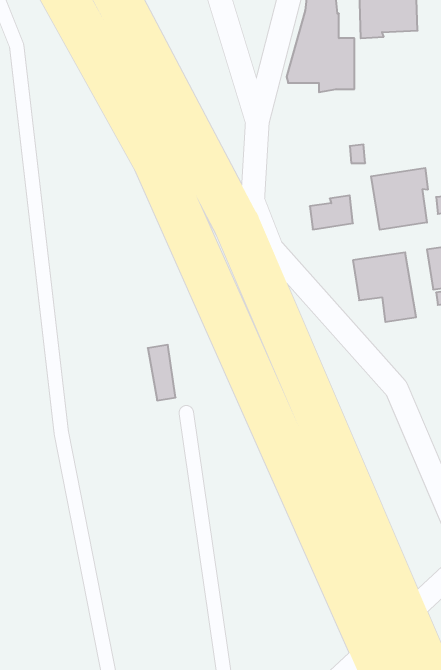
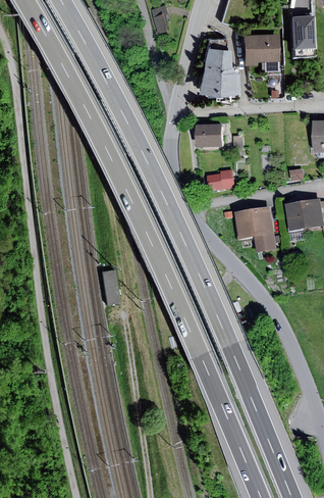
building: none -> [198,123,223,147]
building: [371,168,428,230] -> none

